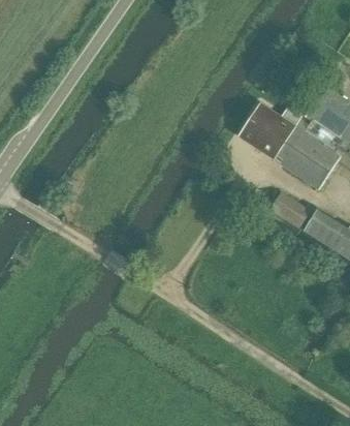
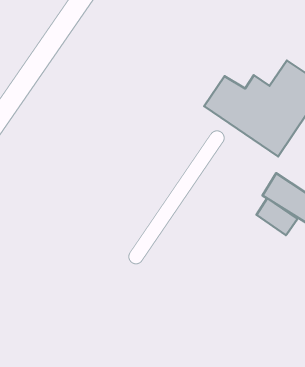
building: [267,191,311,231] -> [257,198,297,235]

